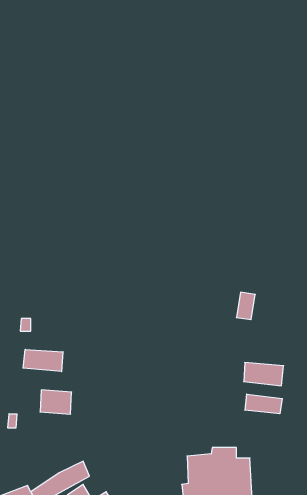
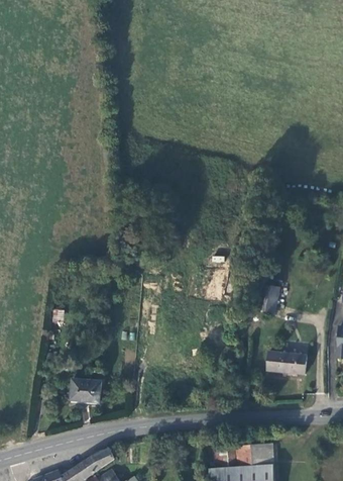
building: [23,349,63,372] -> none
building: [245,394,282,414] -> none

